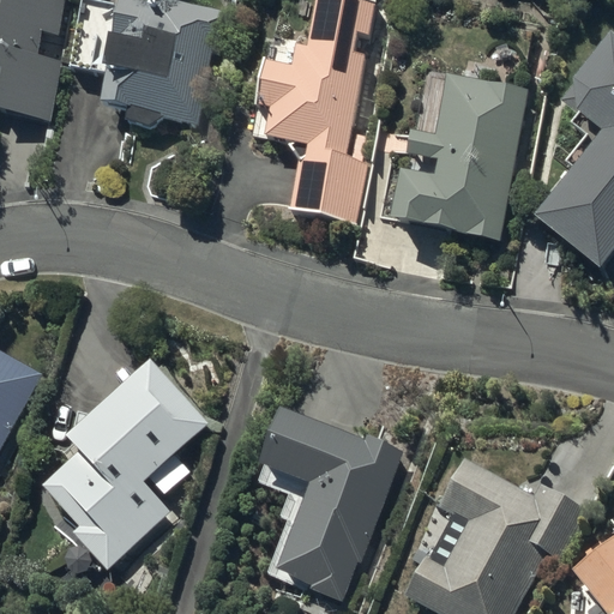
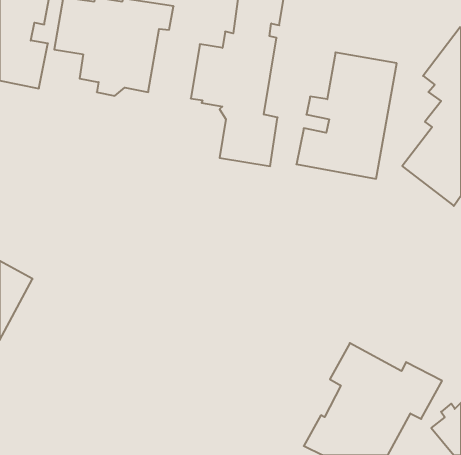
building: [47,362,213,568] -> none
building: [259,410,403,600] -> none

